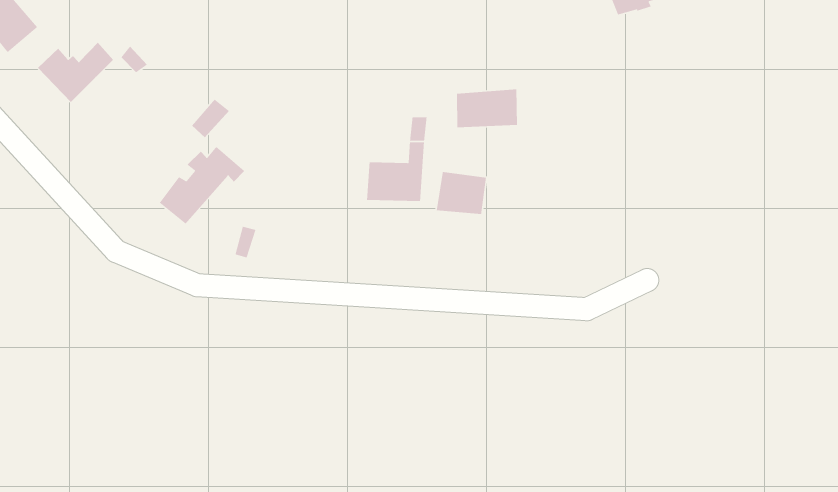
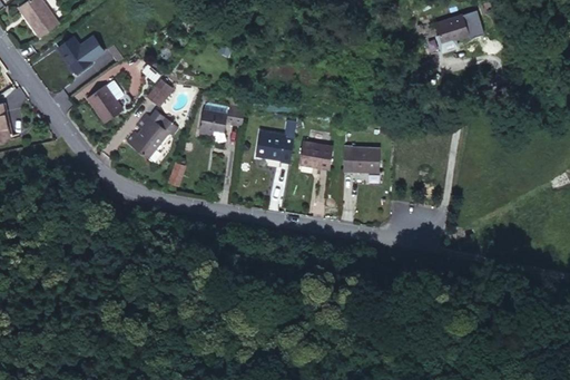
building: [456,88,518,128] -> [342,149,383,174]
building: none -> [83,81,122,120]
building: none -> [199,107,242,145]

